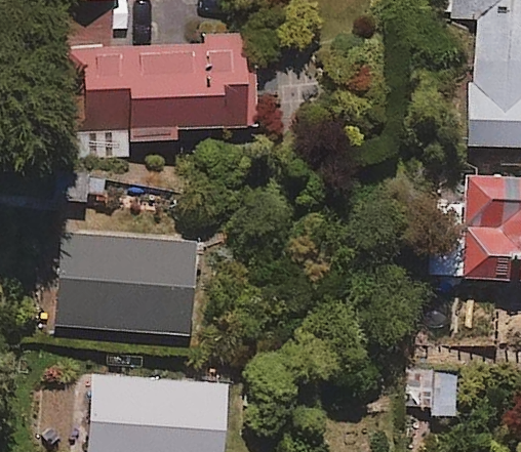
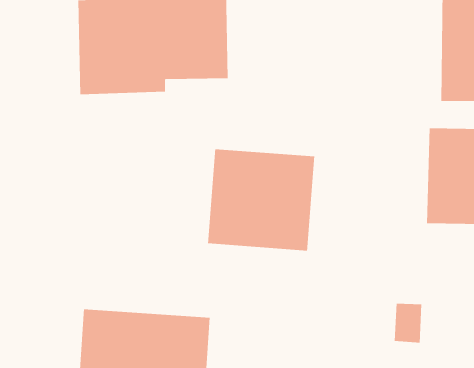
building: none -> [208,148,315,252]
building: [55,229,198,335] -> none

